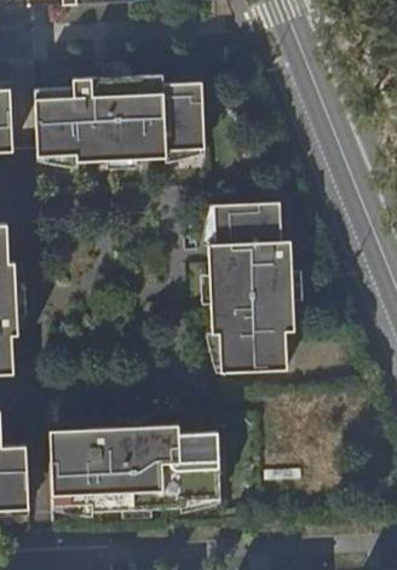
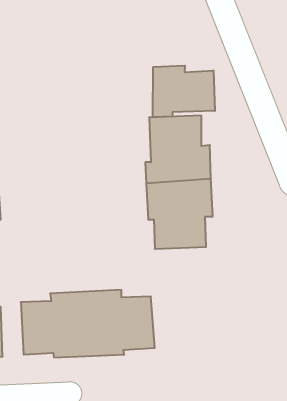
building: [34,74,205,161] -> none
building: none -> [153,66,215,117]

